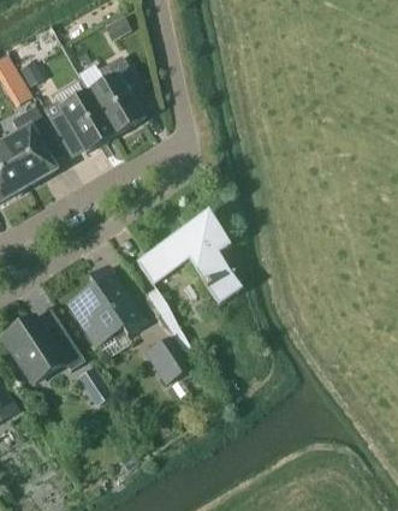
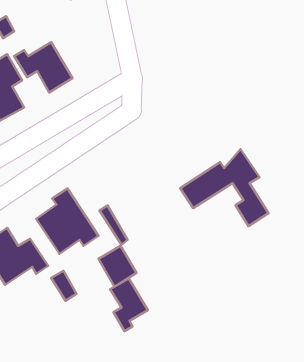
building: [87,55,141,135] -> none
building: [135,212,240,304] -> [180,149,268,226]
building: none -> [110,279,148,331]

